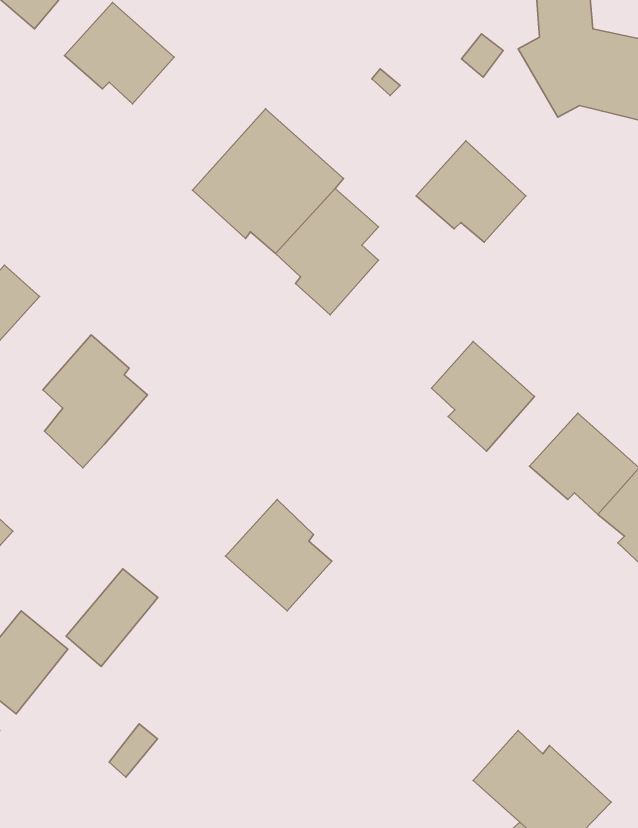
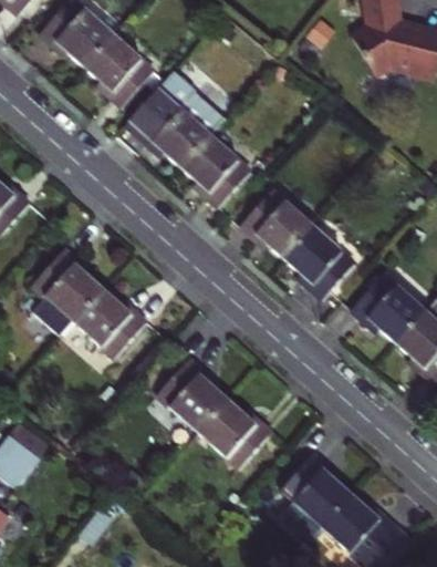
building: none -> [95,48,164,121]
building: [416,141,526,242] -> [249,200,322,268]
building: none -> [76,272,149,342]
building: none -> [198,383,272,453]
building: [66,569,158,666] -> none
building: none -> [282,455,352,529]

